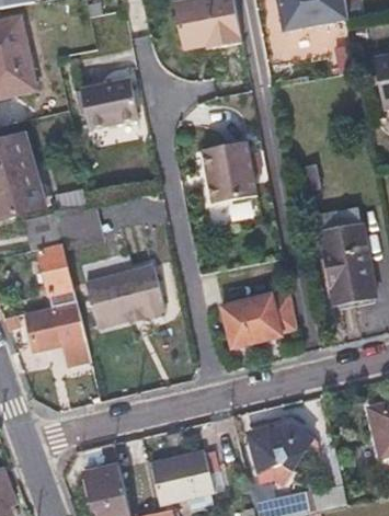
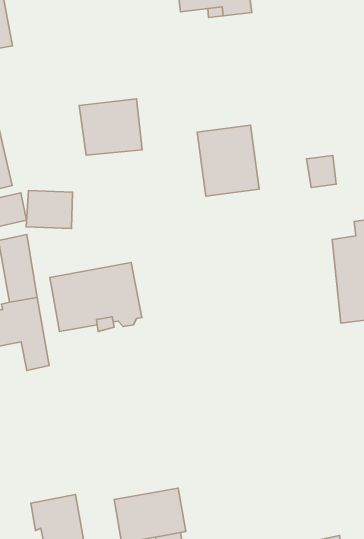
building: [79,74,135,125] -> [79,99,142,155]
building: [222,291,296,345] -> none
building: [256,422,304,471] -> none

